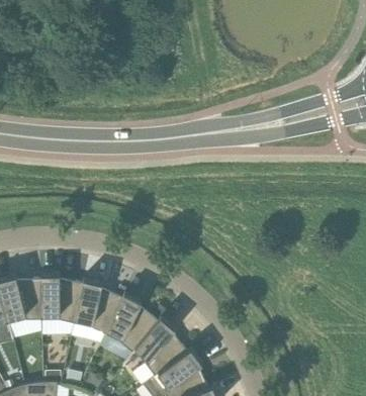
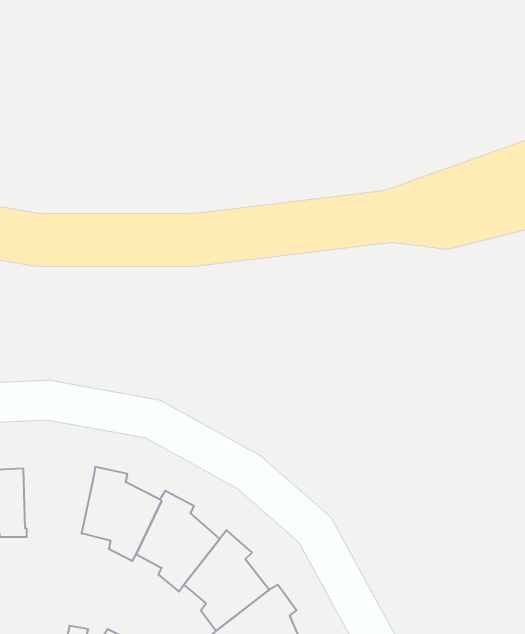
building: [39,277,82,326] -> none

